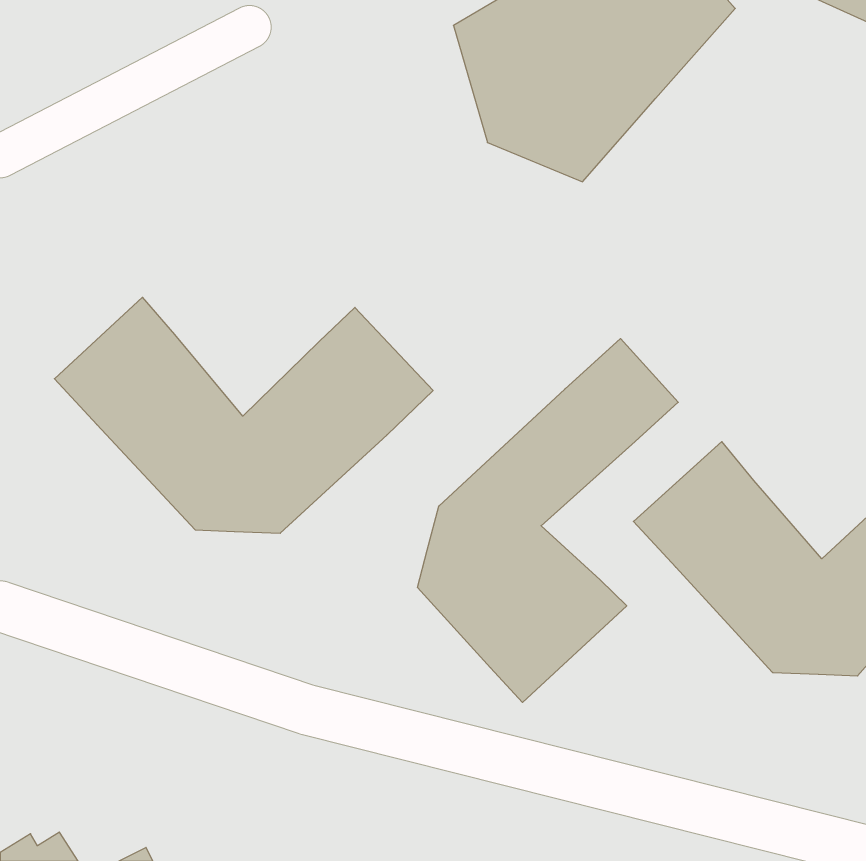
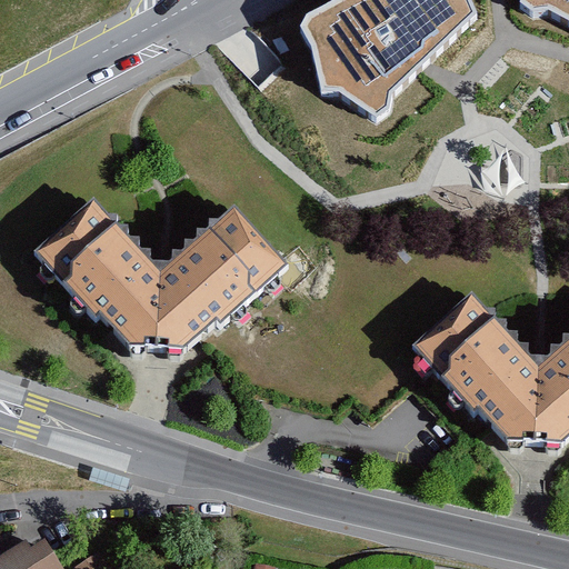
building: [418,339,678,702] -> none

